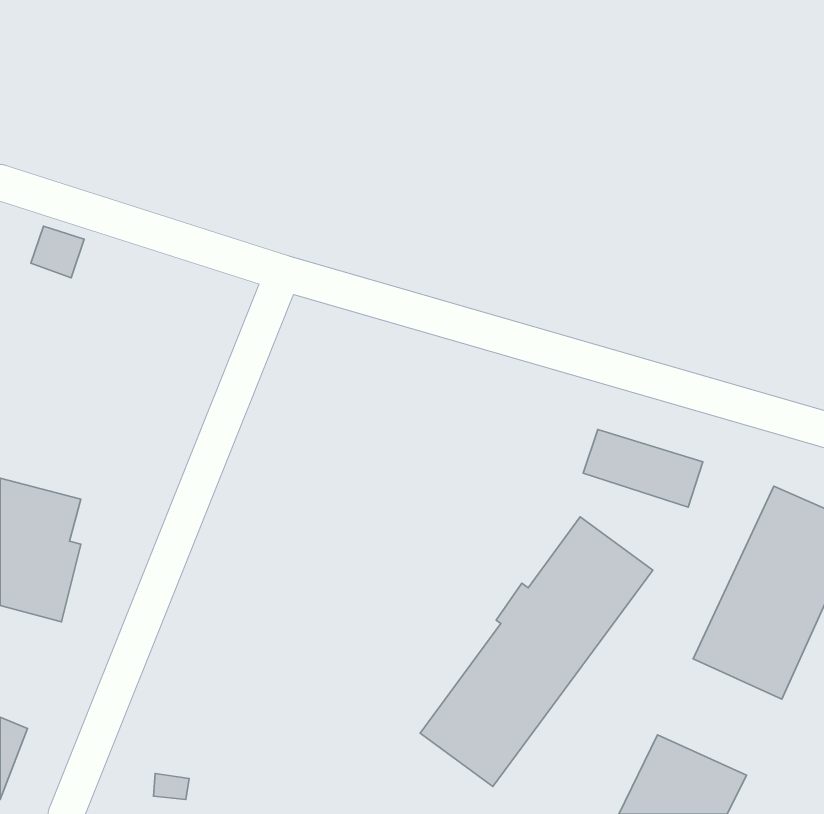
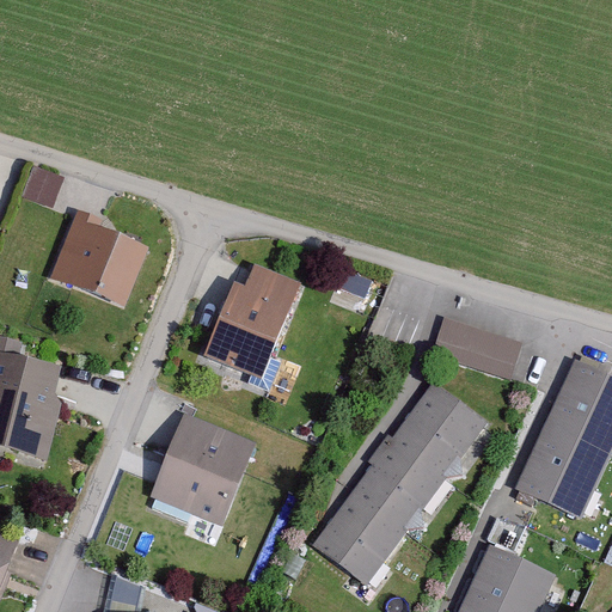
building: none -> [50,210,148,308]
building: none -> [204,263,300,388]
building: none -> [151,414,255,524]

